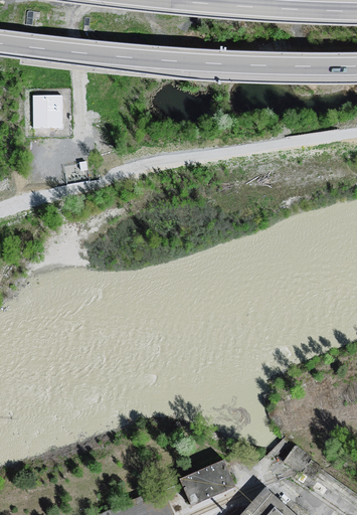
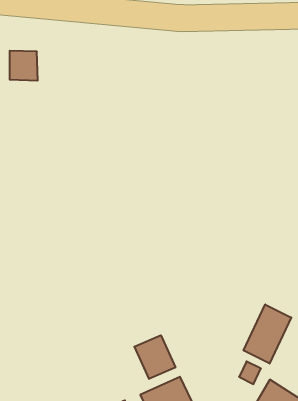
building: none -> [244,304,291,364]
building: none -> [134,335,175,379]

